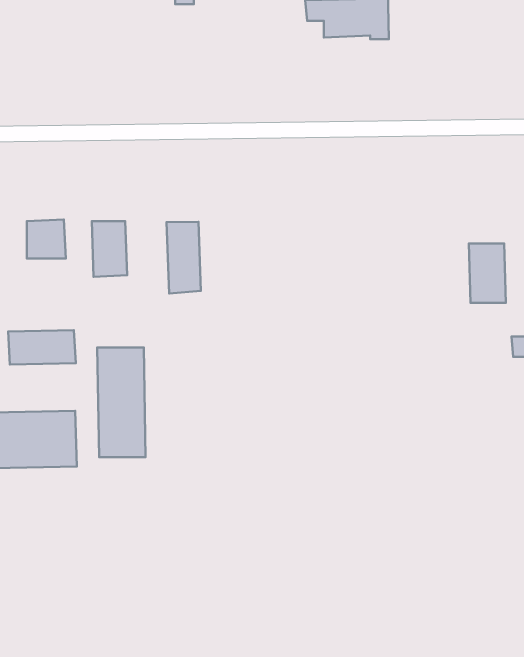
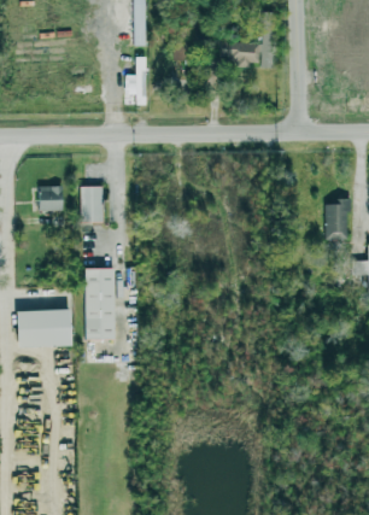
building: none -> [124,57,147,106]
building: [167,222,201,293] -> none
building: [8,330,76,364] -> none

